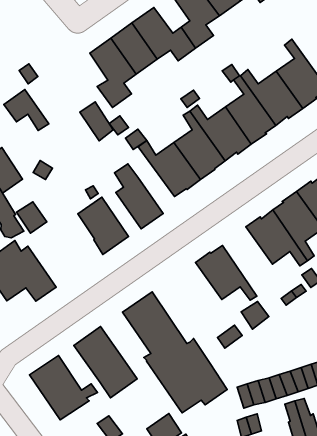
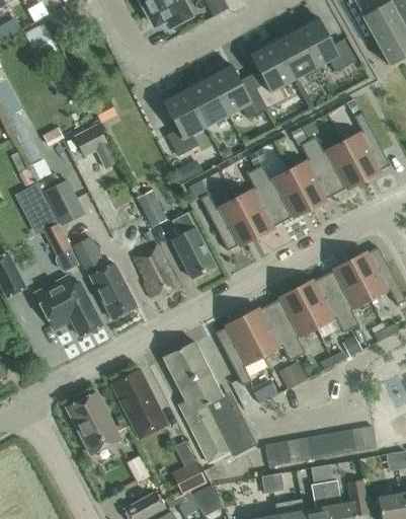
building: [80,102,113,141] -> [137,190,167,228]
building: none -> [90,264,138,319]
building: none -> [269,289,316,358]
building: none -> [215,317,262,386]

